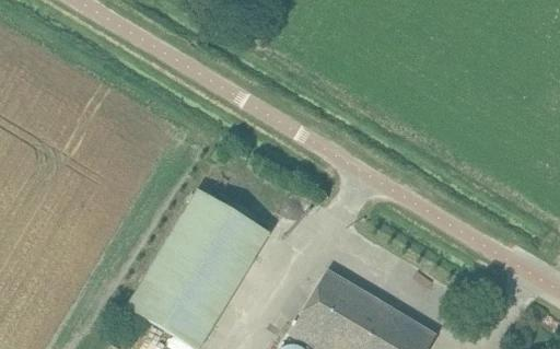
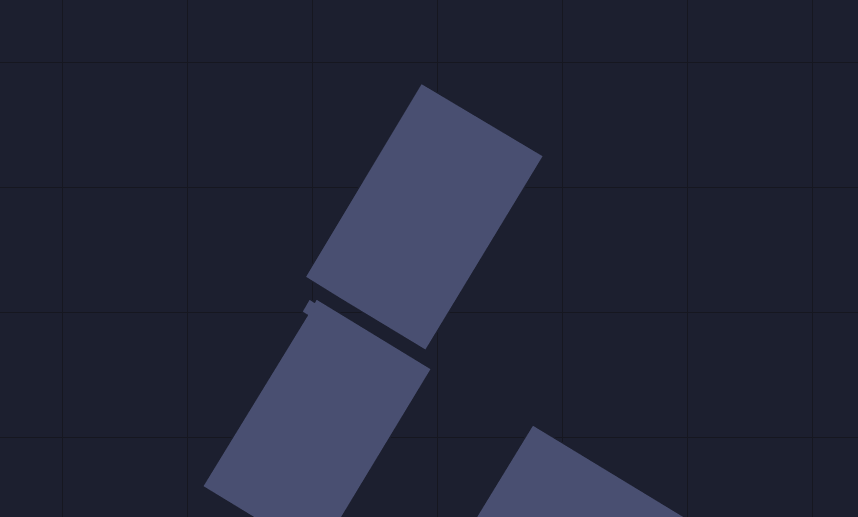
building: none -> [305,83,543,351]

